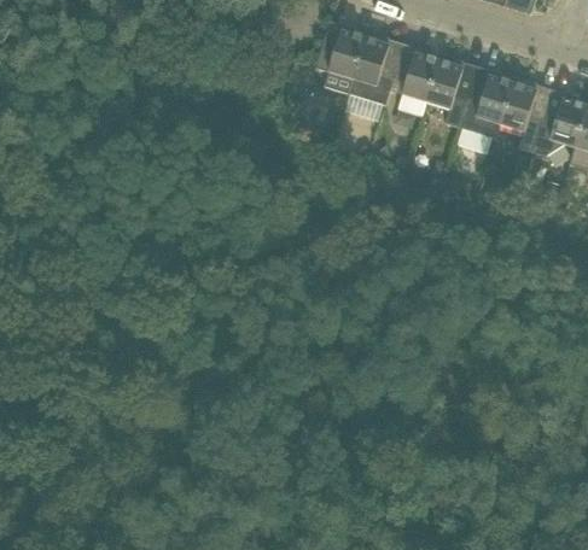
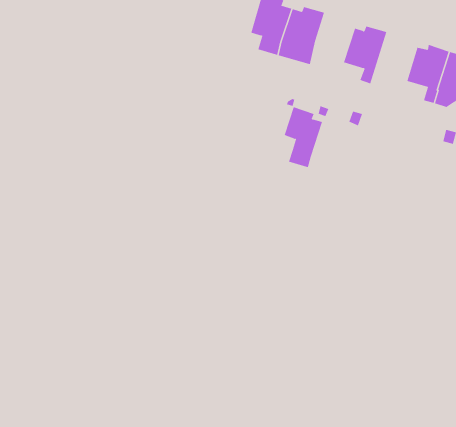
building: [395,43,441,116] -> [284,107,323,168]
building: [460,66,514,139] -> none

